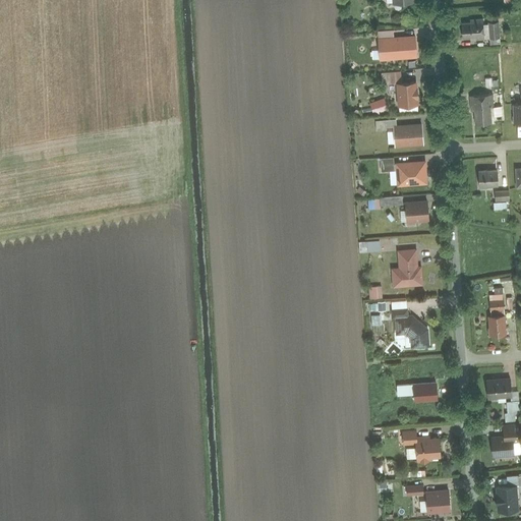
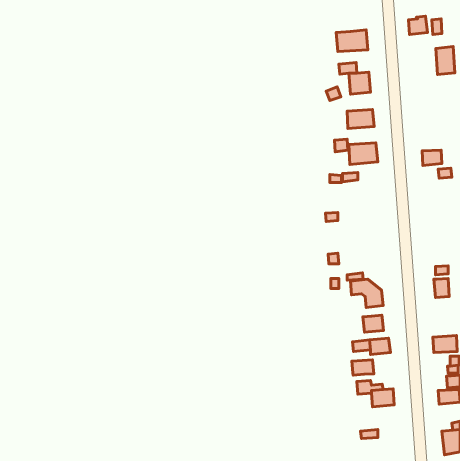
building: [470,95,491,126] -> [436,47,455,75]
building: [406,200,431,221] -> none
building: [393,247,423,287] -> none
building: none -> [363,315,384,332]
building: none -> [352,360,374,375]
building: [427,490,454,511] -> none

